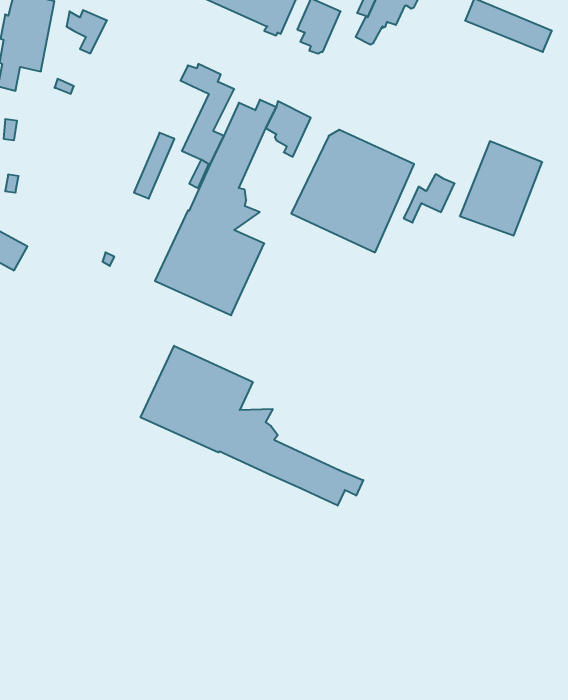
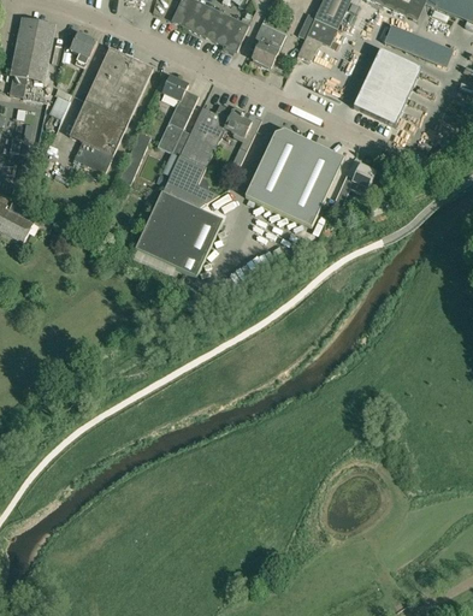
building: none -> [69,46,152,172]
building: [460,141,542,236] -> [355,47,421,123]
building: [141,346,363,506] -> none

